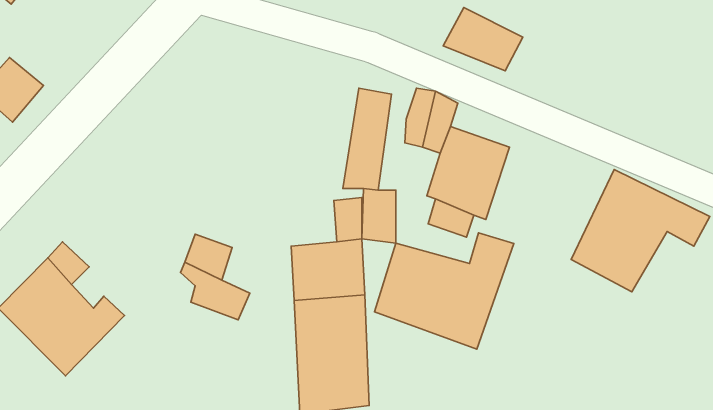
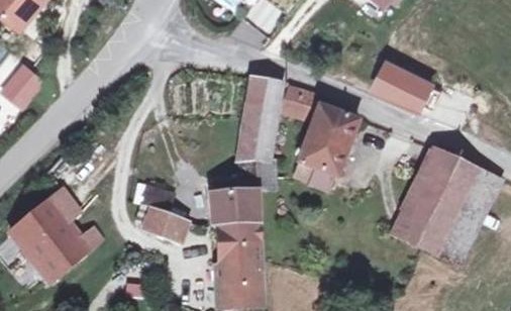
building: [443,8,523,71] -> [372,59,426,102]
building: none -> [385,185,485,258]
building: [375,233,514,349] -> none

